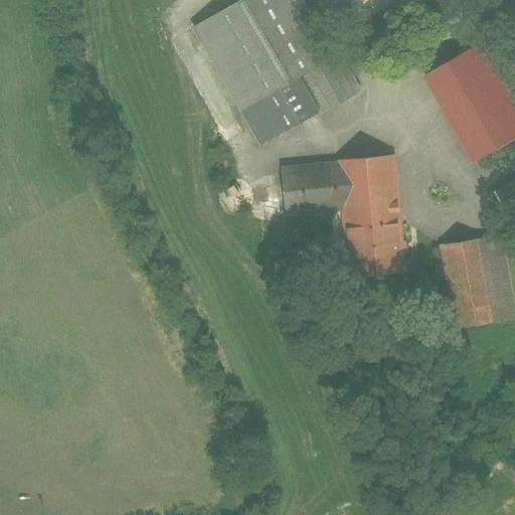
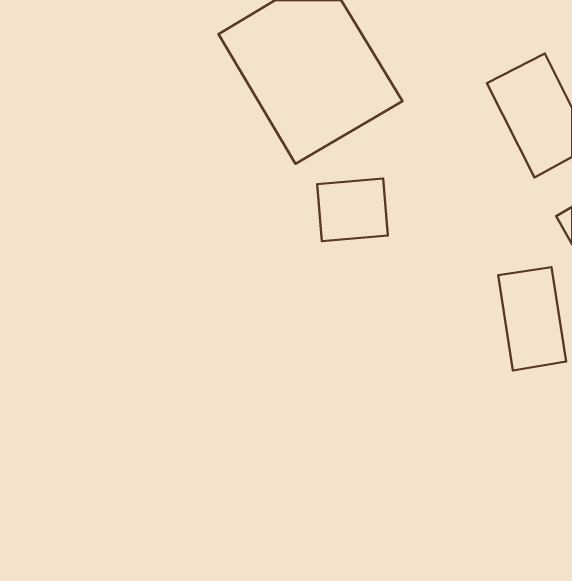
building: [339,154,402,273] -> none

